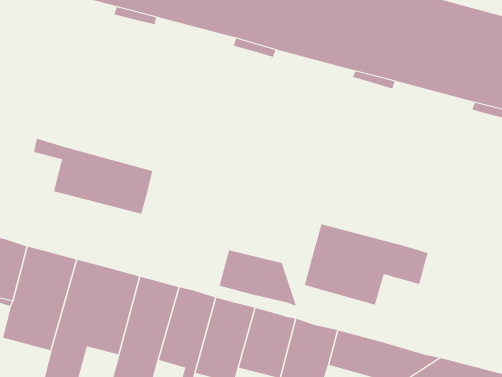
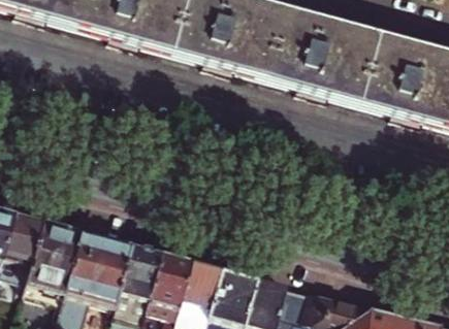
building: [33,138,153,215] -> none
building: [304,224,428,305] -> none
building: [219,249,297,307] -> none

